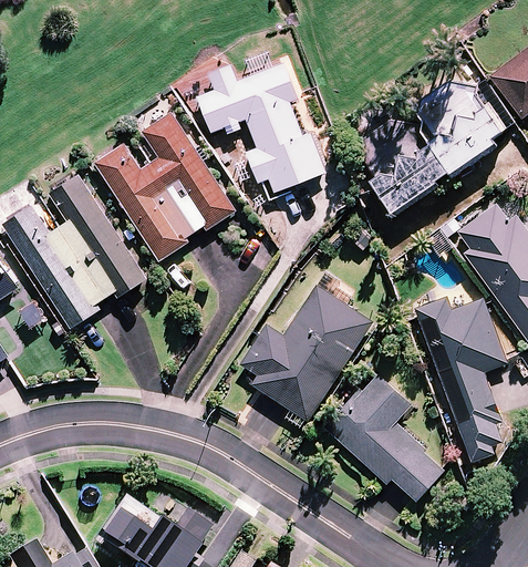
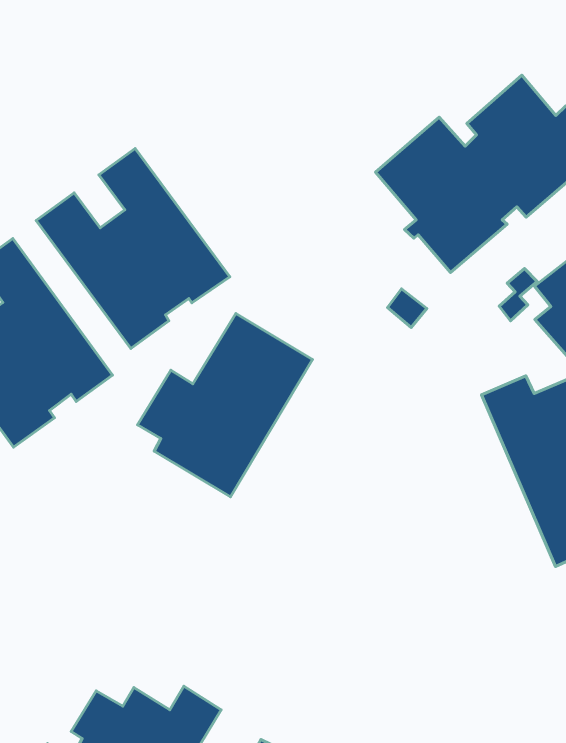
building: [197,62,324,192] -> none
building: [241,287,372,421] -> [138,314,313,497]
building: [325,373,444,499] -> none

